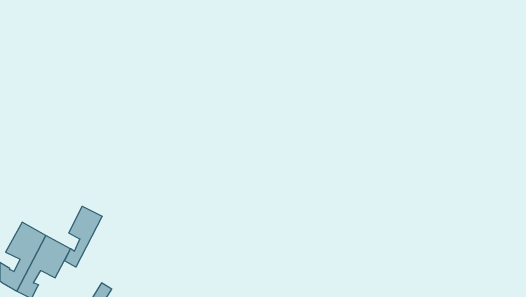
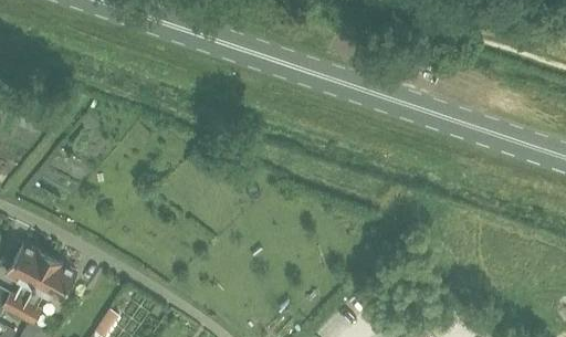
building: [65,206,102,267] -> none

